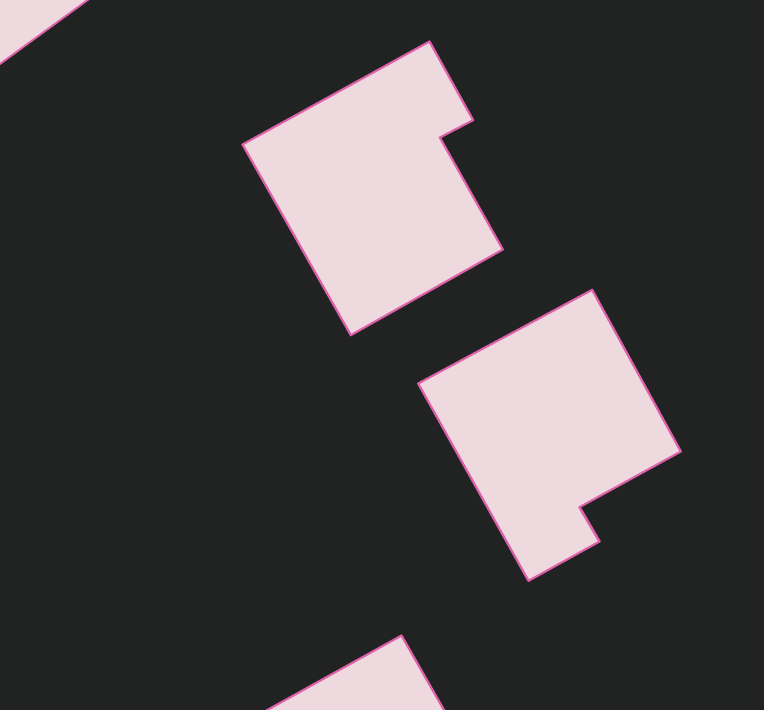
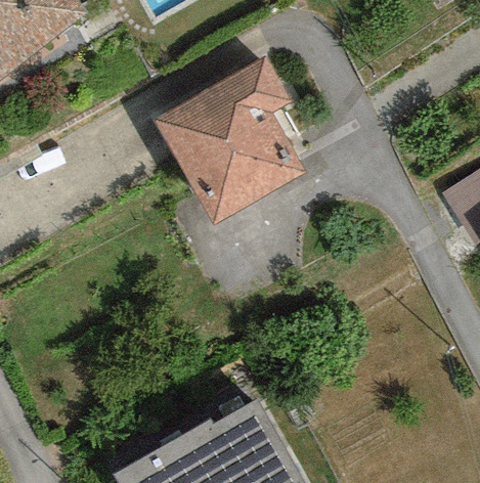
building: [418,290,681,581] -> none

